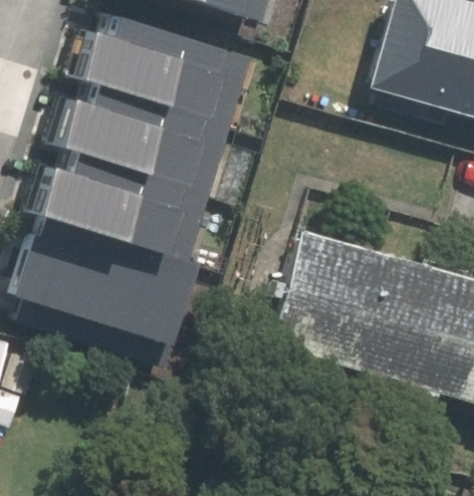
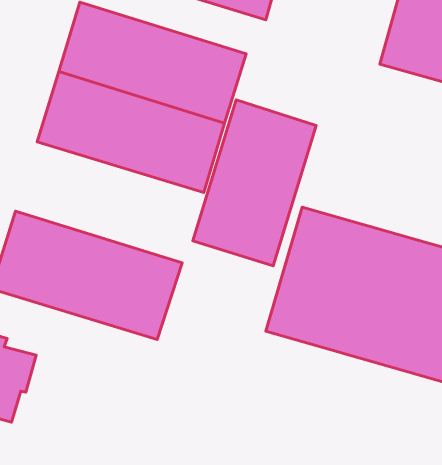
building: none -> [193,100,316,266]
building: [23,158,206,275] -> none

